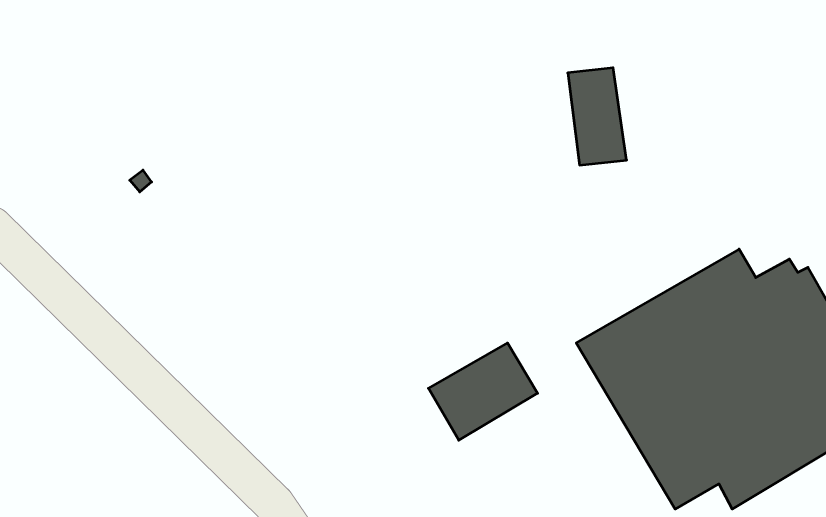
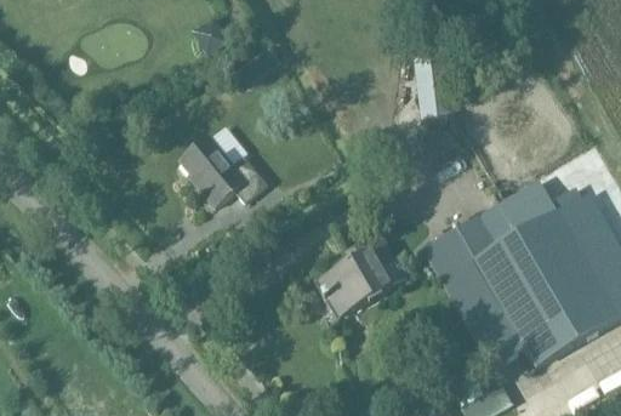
building: none -> [182,137,266,206]

